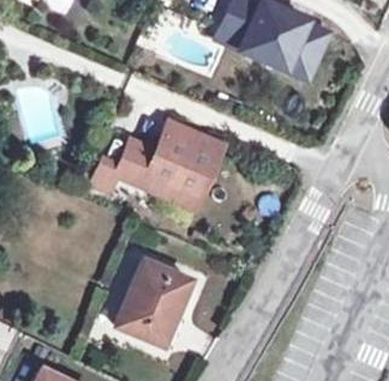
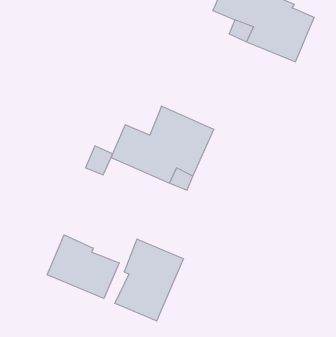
building: none -> [47,235,119,298]

